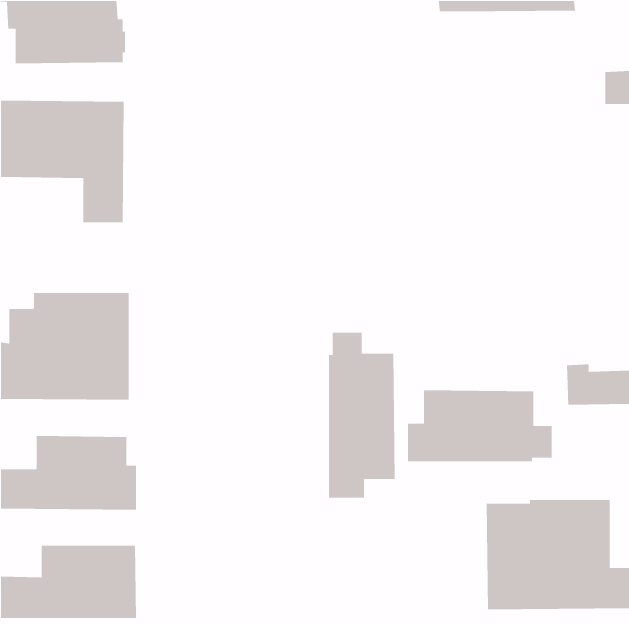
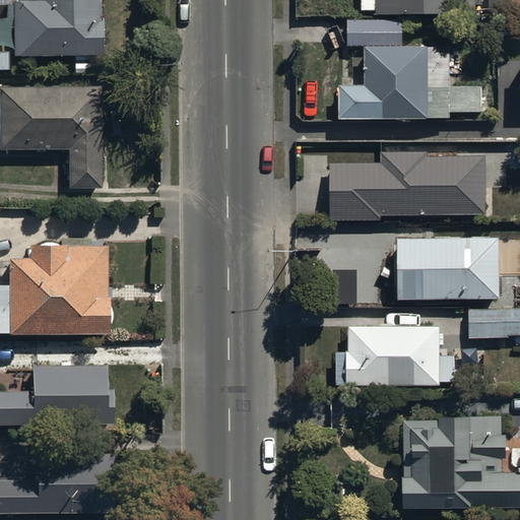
building: none -> [338,21,480,117]
building: none -> [328,150,486,221]
building: none -> [396,238,499,299]
building: [328,332,395,498] -> none

